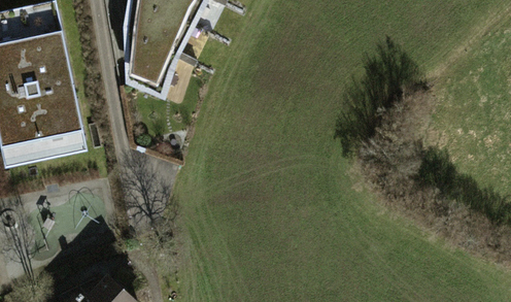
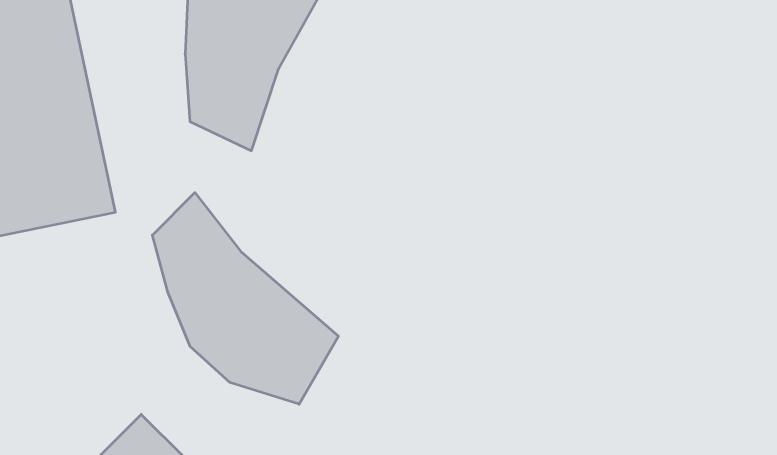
building: none -> [152,193,338,404]

